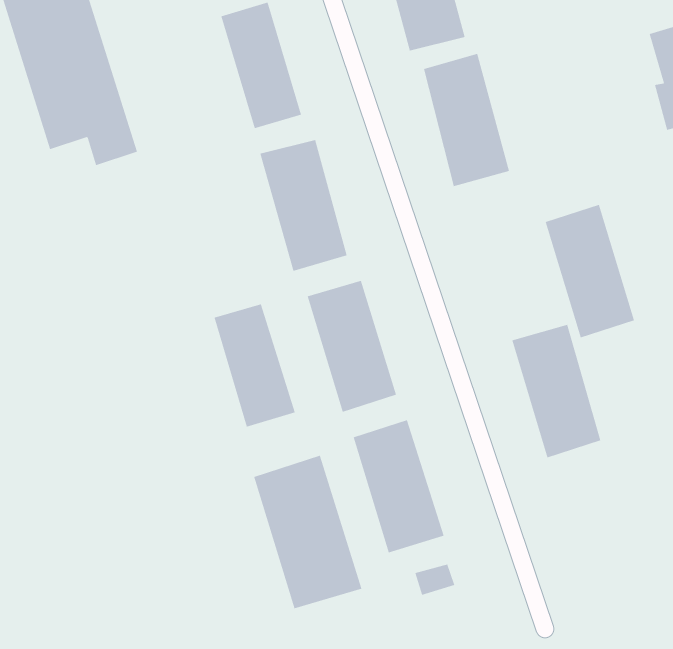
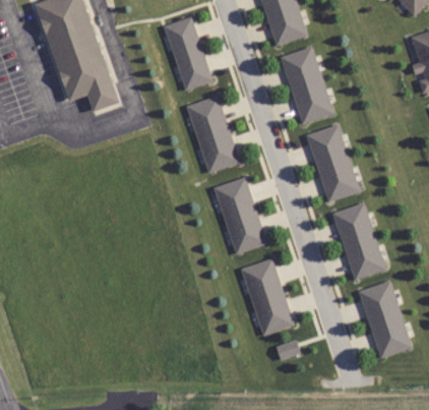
building: [545,204,635,338] -> [307,125,359,202]
building: [214,303,295,428] -> none
building: [253,455,362,609] -> none
building: none -> [360,282,410,358]

